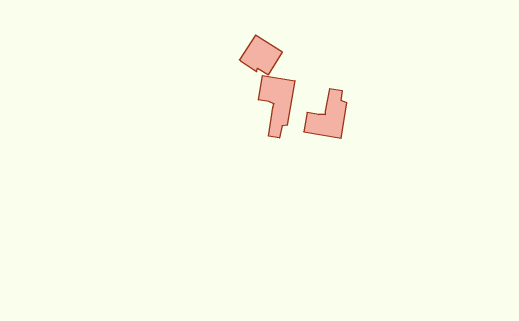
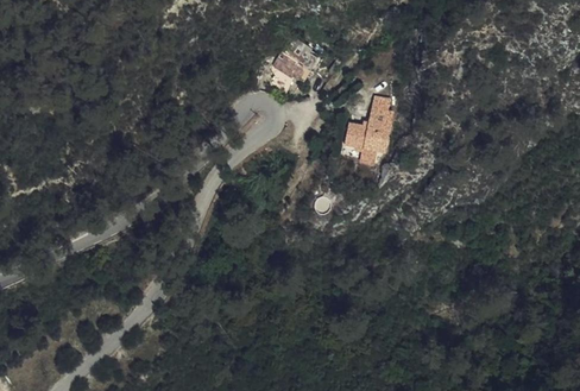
building: [259,76,295,138] -> none

